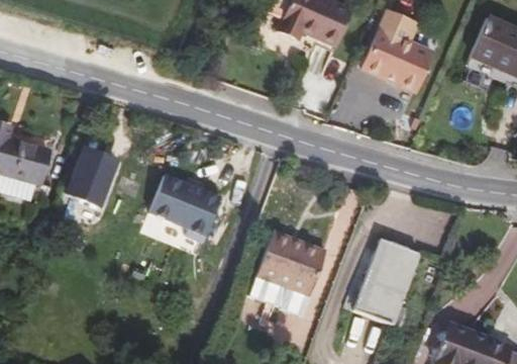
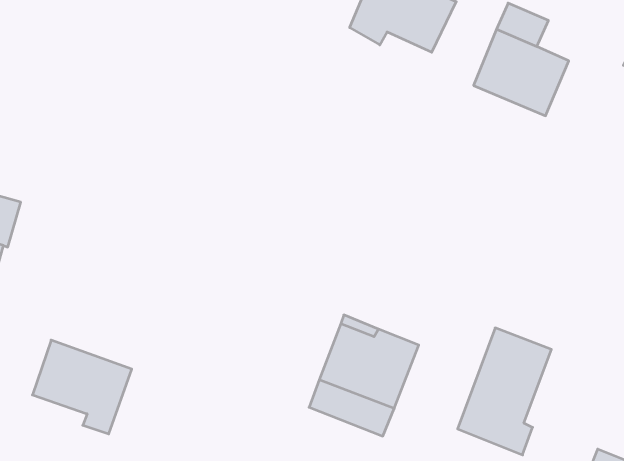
building: [65,148,116,206] -> none
building: [149,176,219,242] -> [32,340,132,434]

